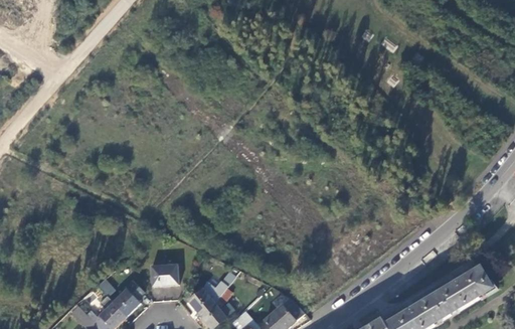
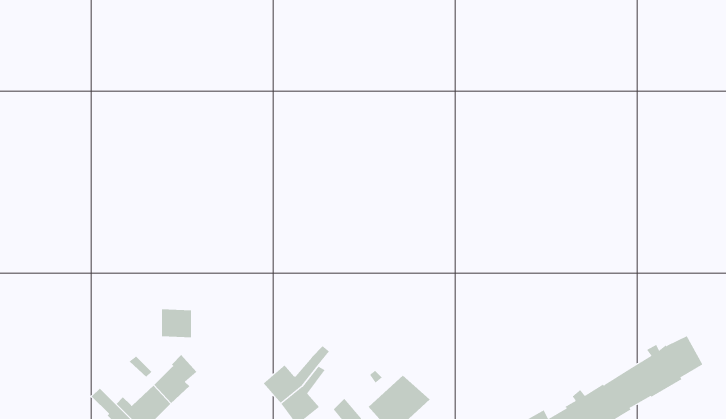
building: [155,266,176,286] -> [161,309,192,338]

